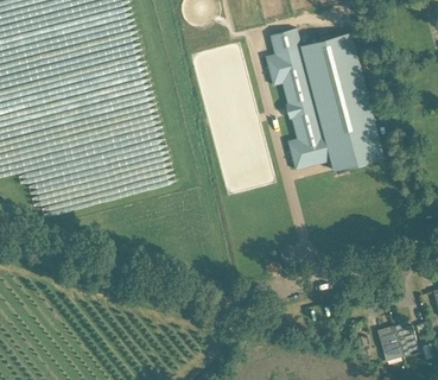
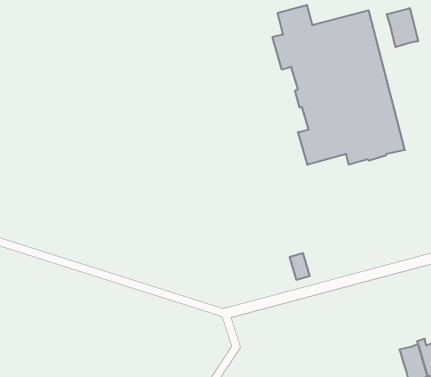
building: none -> [387,8,418,47]

